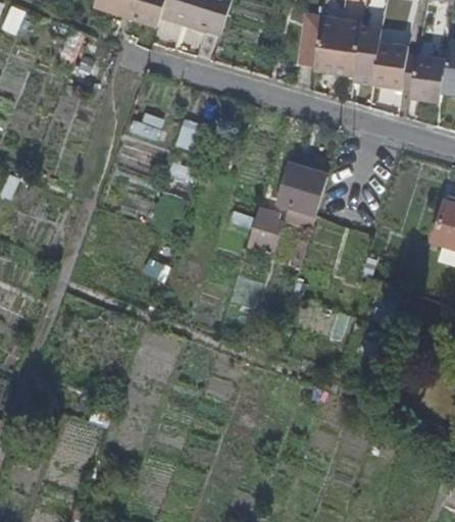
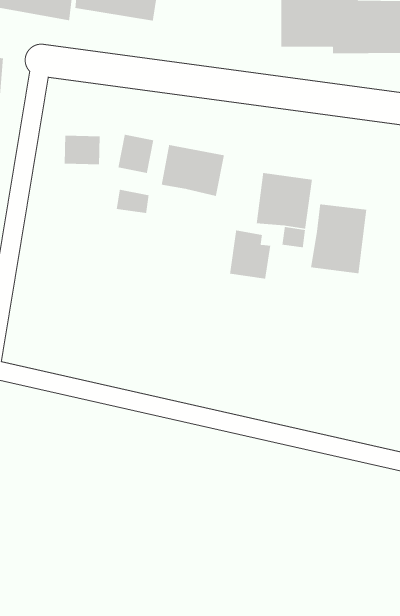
building: none -> [161,144,225,197]
building: none -> [310,203,367,274]

